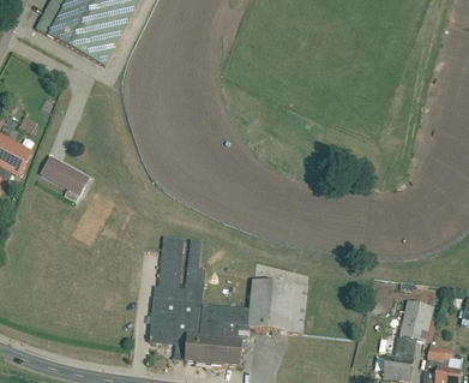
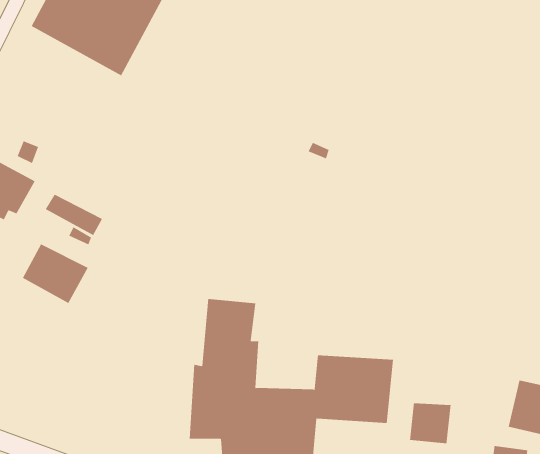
building: none -> [22,243,89,304]
building: none -> [410,402,451,444]

